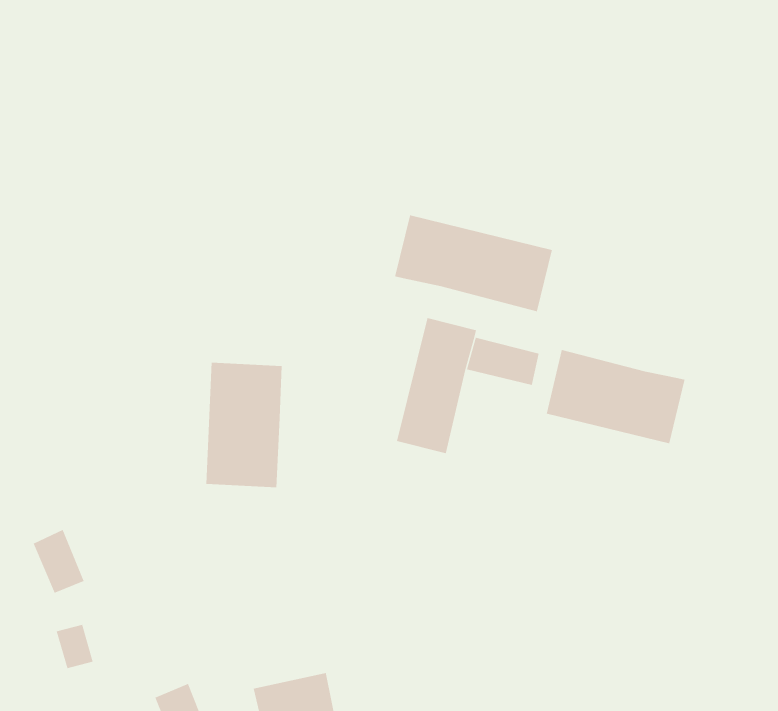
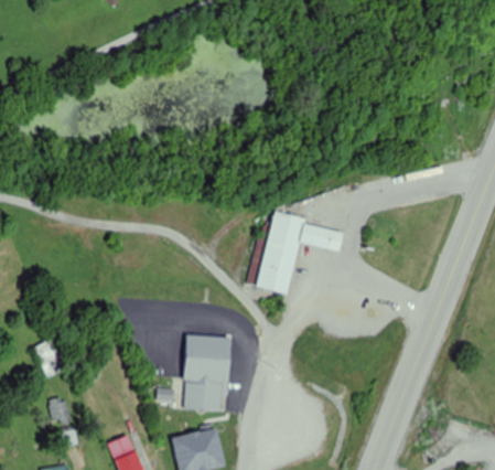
building: [395,214,552,312] -> none
building: [546,349,685,444] -> none
building: [205,362,282,488] -> [182,333,229,410]

